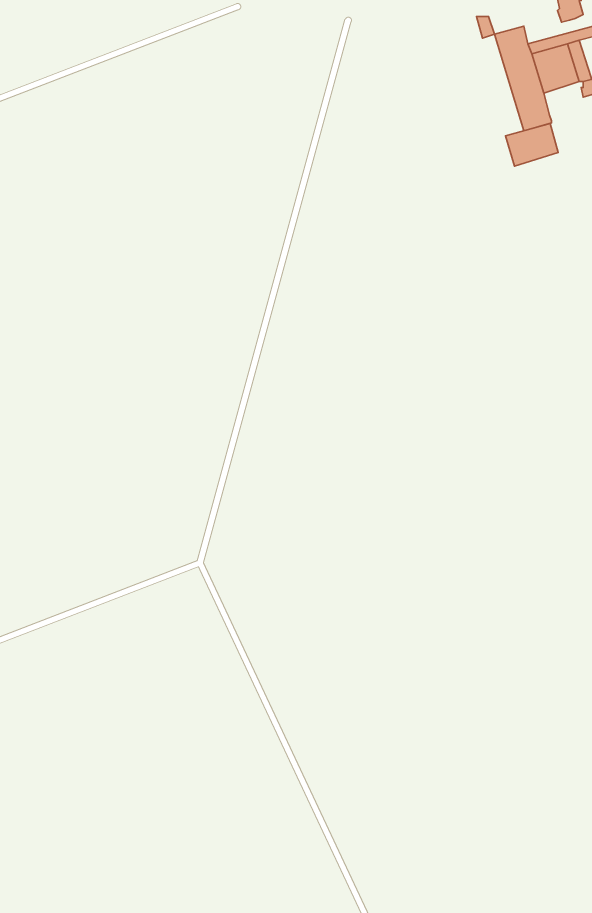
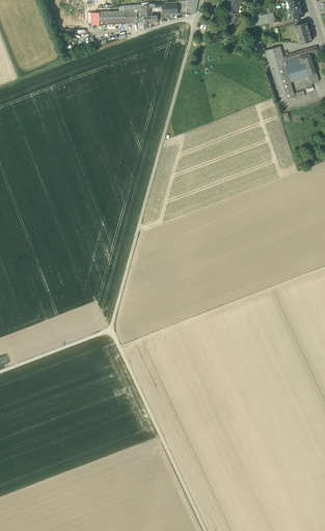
building: [506,124,558,166] -> none

